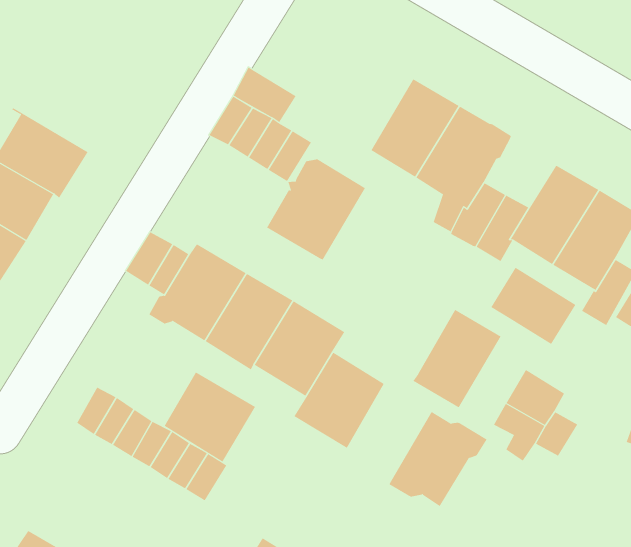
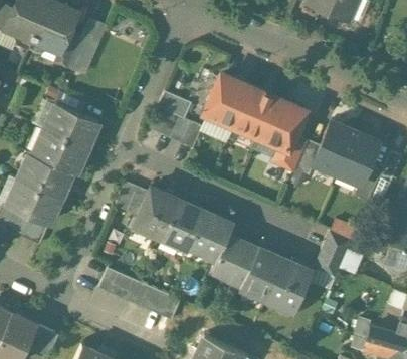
building: none -> [45,102,98,146]
building: [266,159,366,260] -> [202,74,251,126]
building: [491,267,576,345] -> none
building: [413,309,501,408] -> [240,247,283,298]
building: [164,372,256,462] -> none

